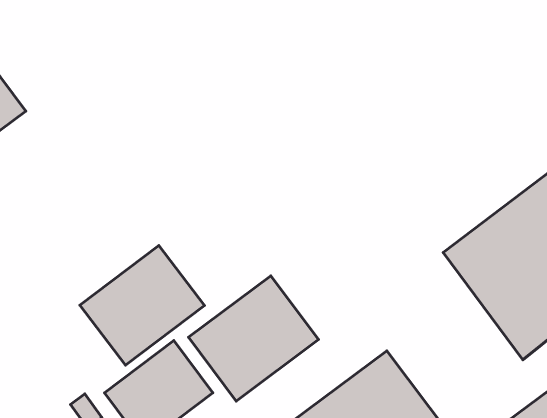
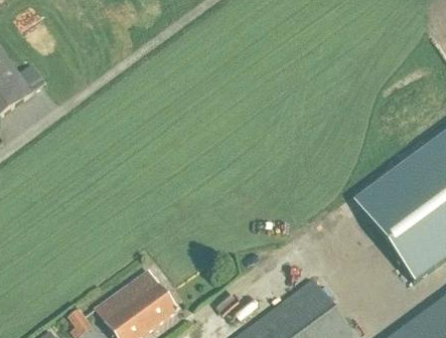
building: [80,245,205,365] -> none
building: [189,276,319,401] -> none

